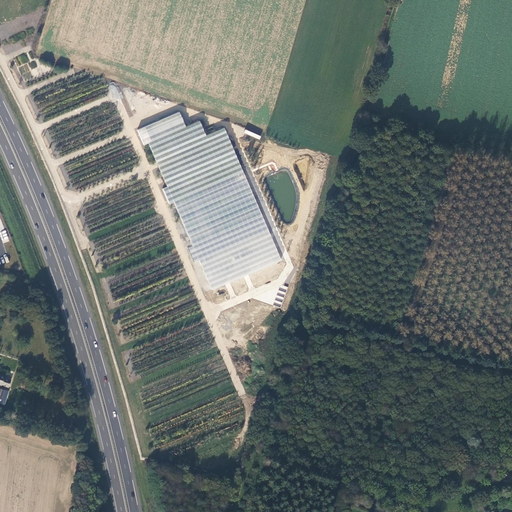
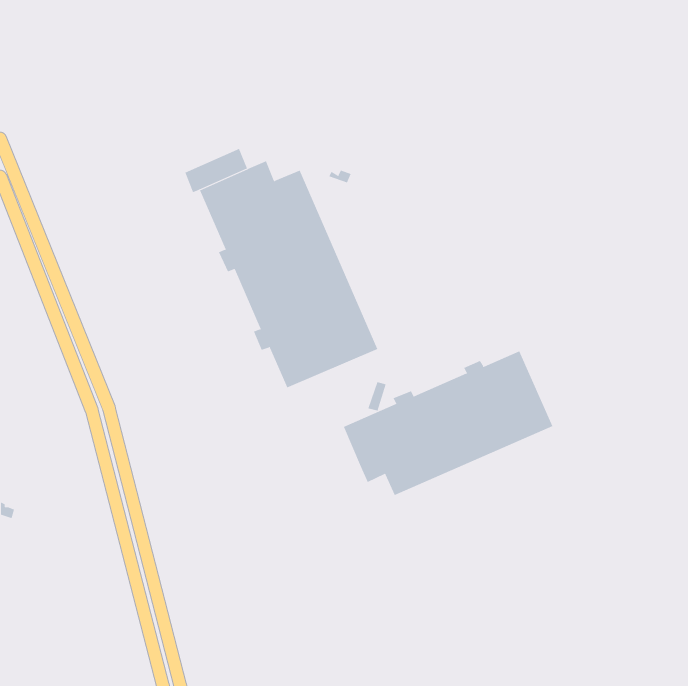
building: none -> [343,351,553,496]

